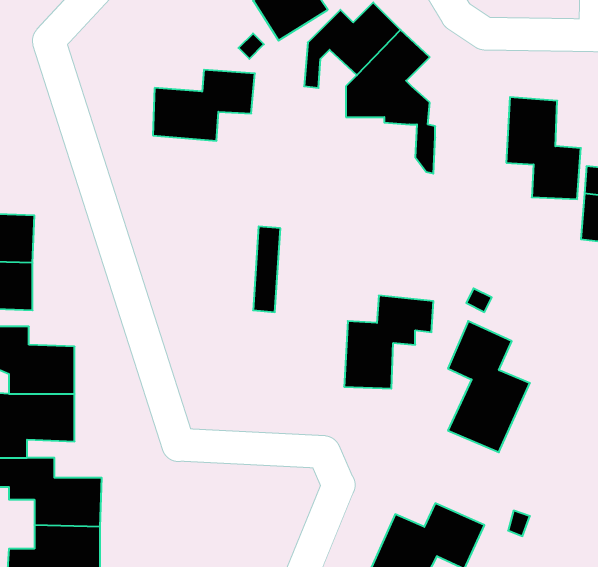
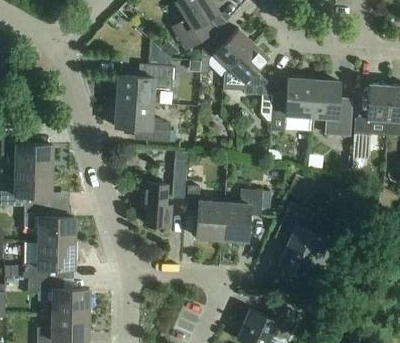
building: none -> [270,79,313,132]
building: none -> [115,101,170,142]
building: none -> [141,182,172,226]
building: none -> [186,186,224,239]

